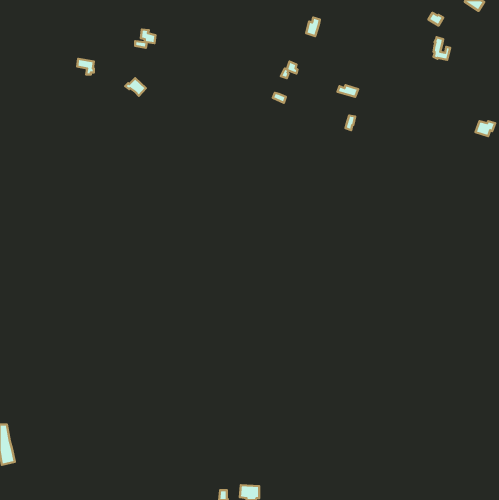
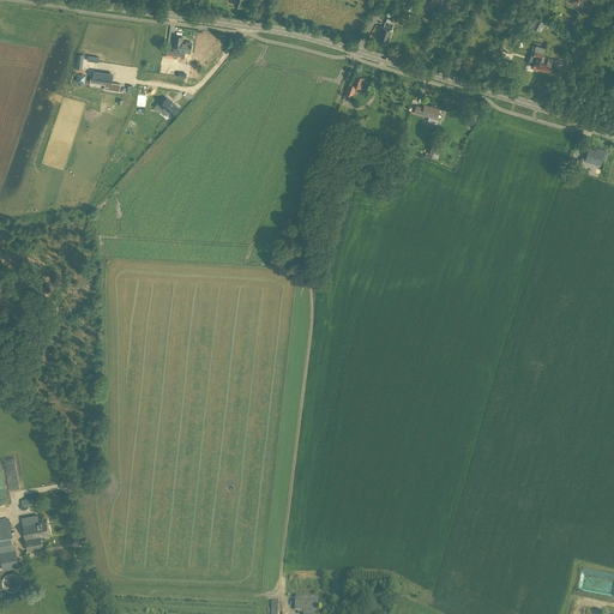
building: none -> [20,514,48,550]

